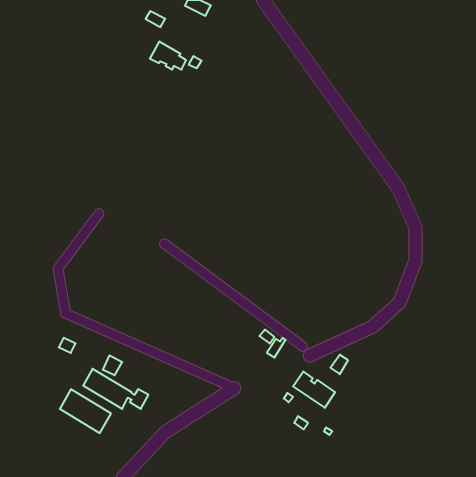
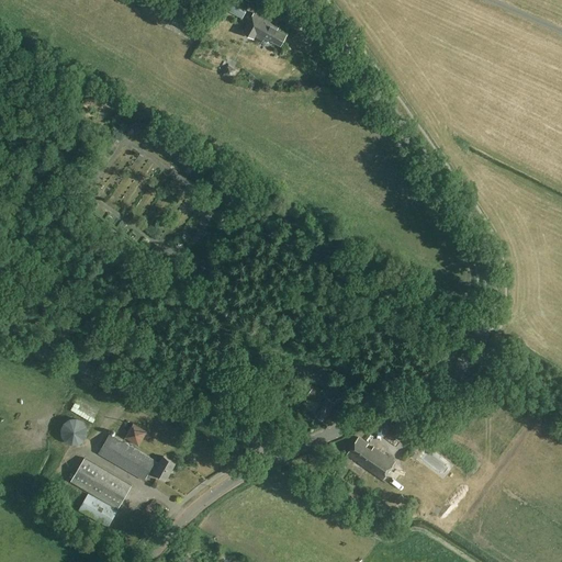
building: [150,42,186,70] -> [243,13,285,46]
building: none -> [60,418,87,446]
building: none -> [78,494,116,526]

